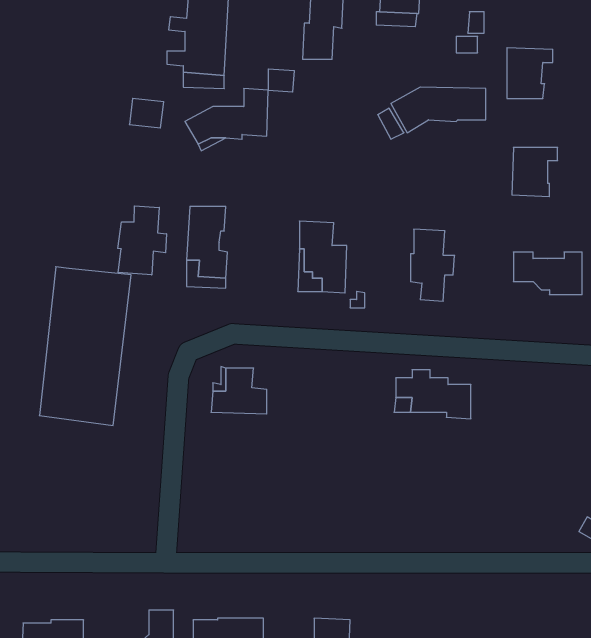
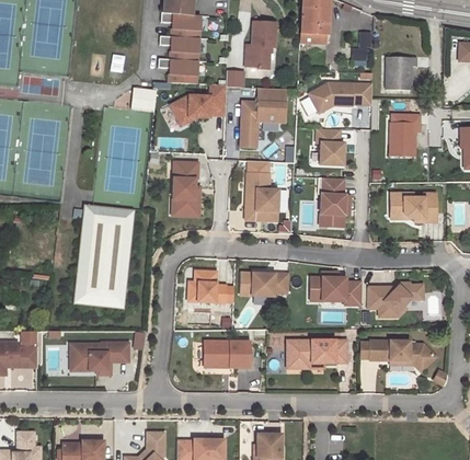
building: none -> [241,85,286,146]
building: none -> [317,128,344,164]
building: [118,206,166,275] -> none
building: none -> [254,273,291,296]
building: none -> [368,283,424,315]
building: none -> [288,340,347,367]
building: none -> [370,340,437,370]
building: none -> [205,341,250,367]
building: none -> [71,342,128,369]

